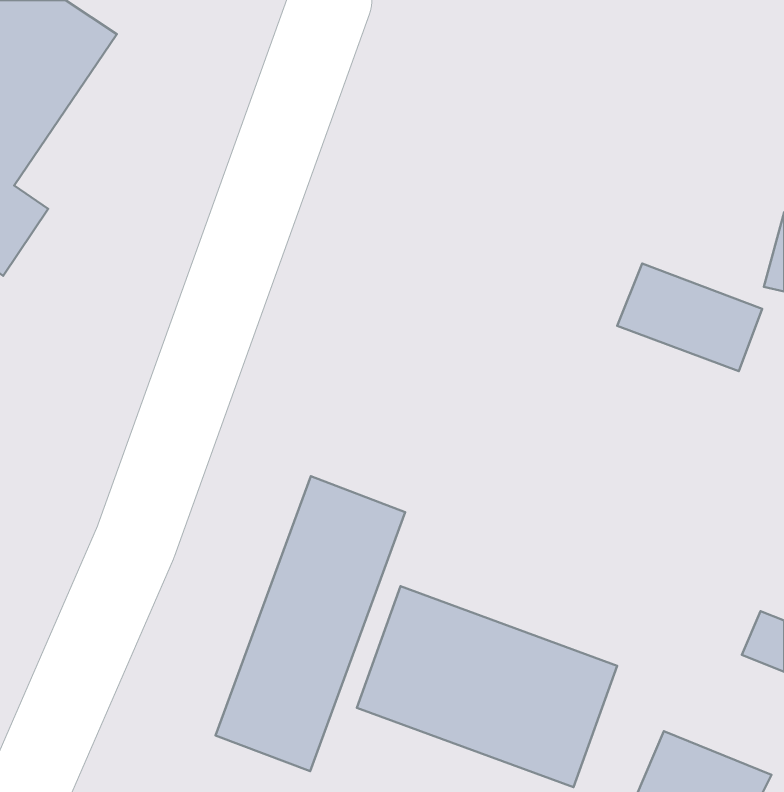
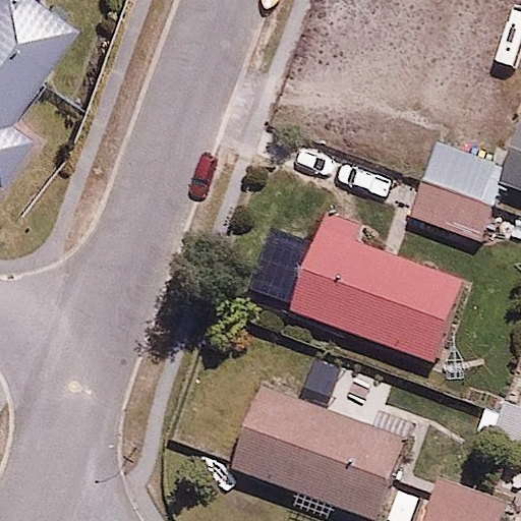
building: none -> [286,220,466,363]
building: [216,476,405,771] -> none

